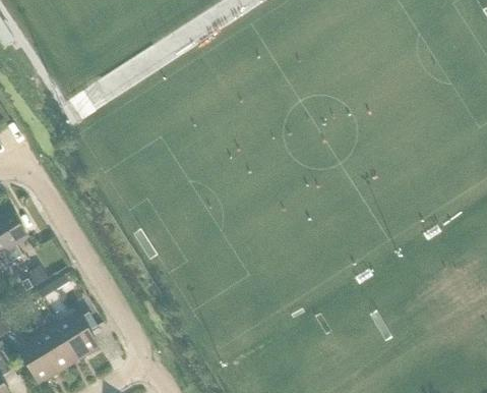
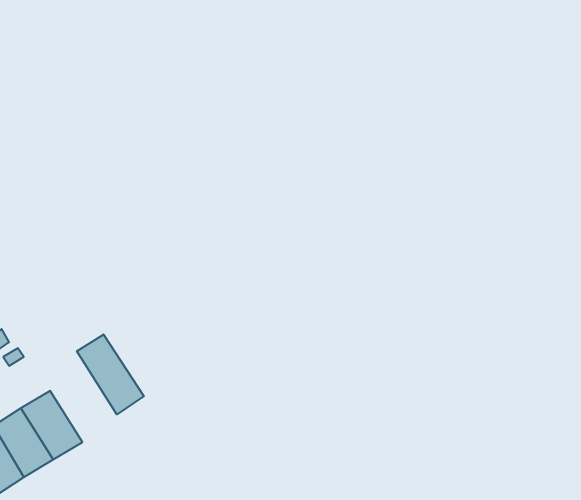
building: none -> [77,334,144,414]

